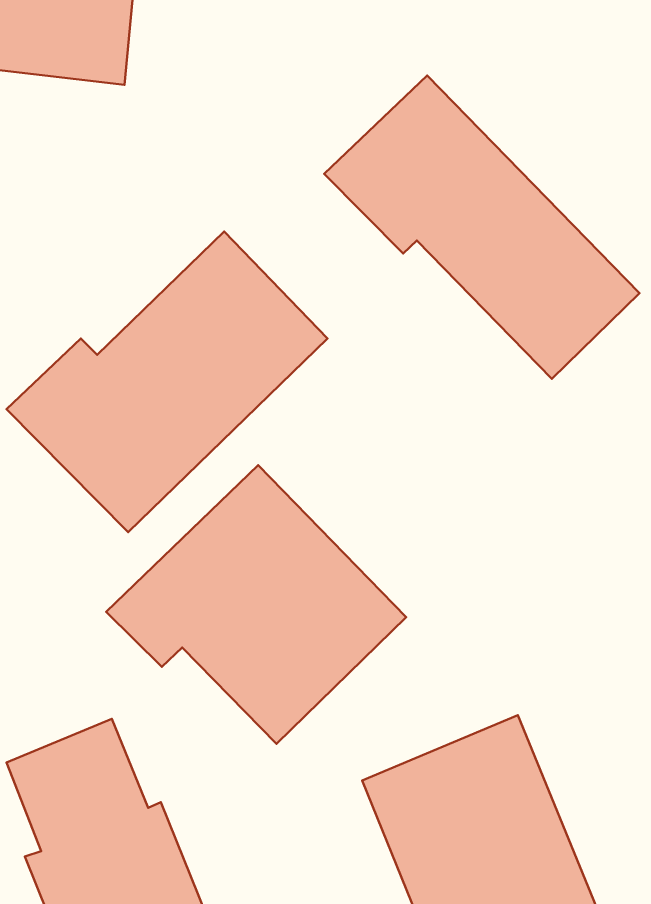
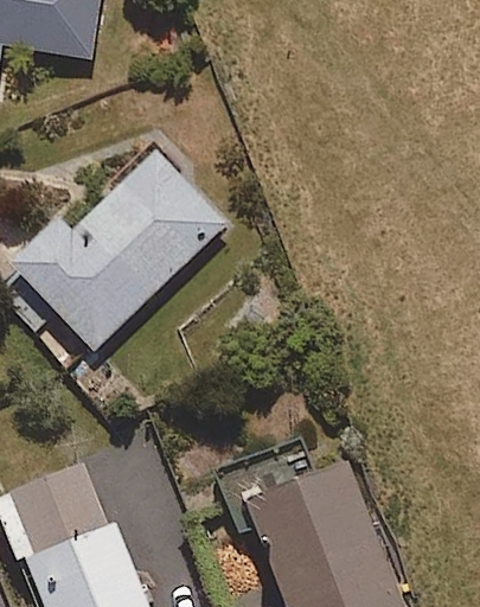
building: [324,75,639,379] -> none
building: [106,465,406,744] -> none

